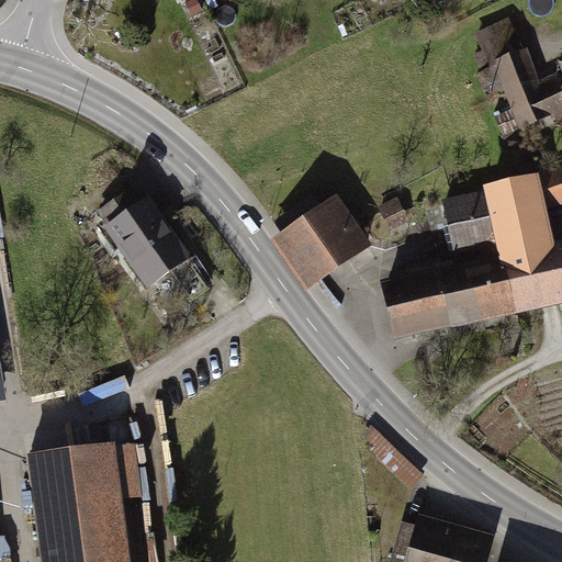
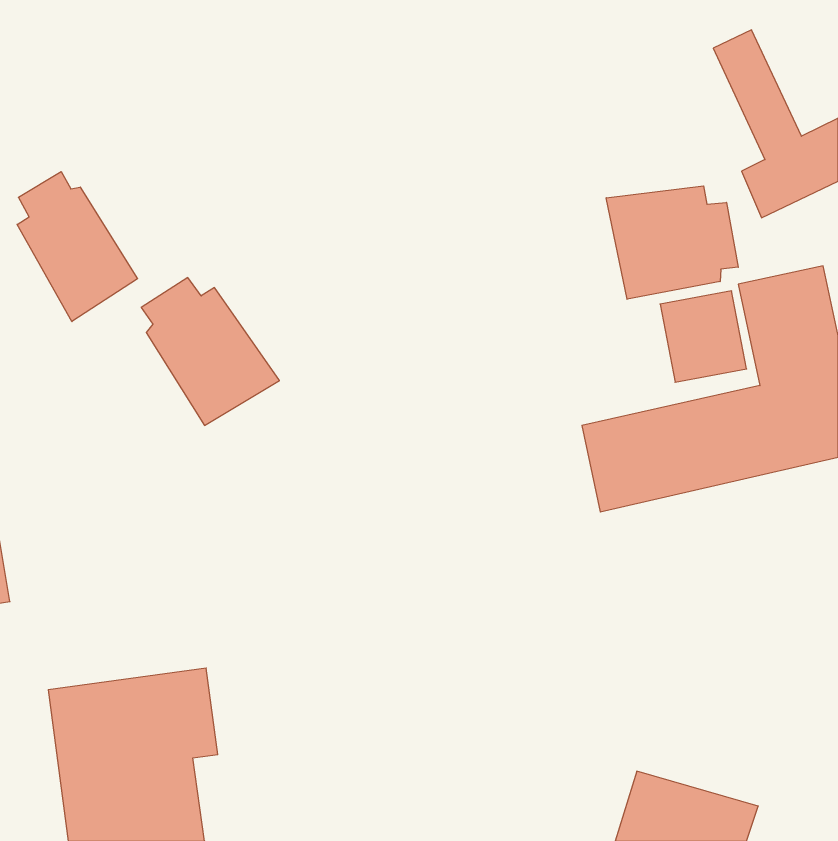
building: none -> [17,172,138,322]
building: none -> [606,186,738,299]
building: [274,198,374,293] -> none

